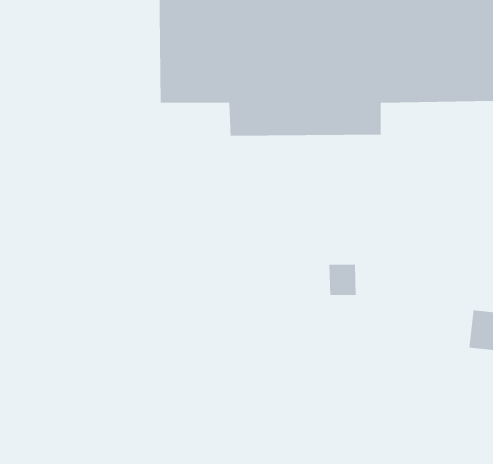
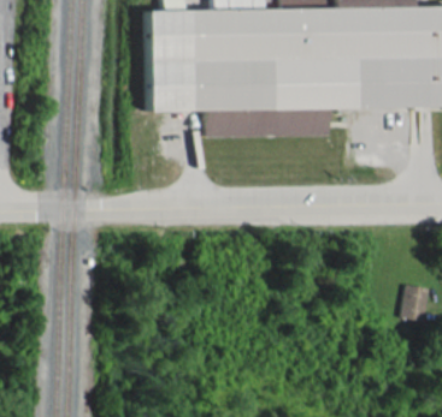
building: [329,264,356,296] -> none

